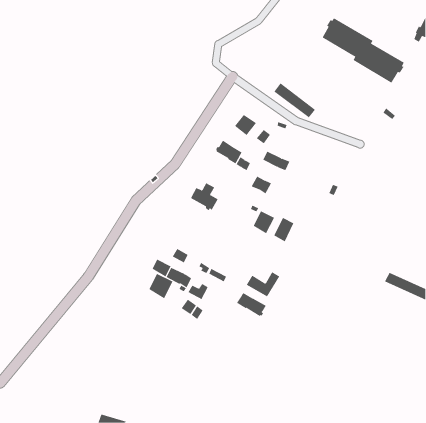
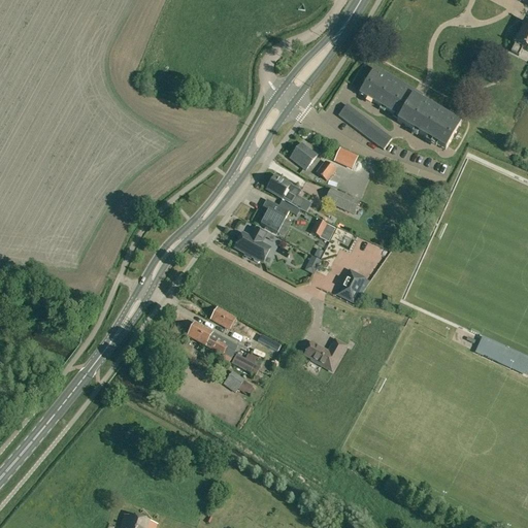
building: [322,18,404,83] -> [359,66,461,147]
building: none -> [260,197,289,231]
building: [253,211,275,234] -> none
building: [148,273,173,299] -> none
building: [236,292,266,317] -> none

